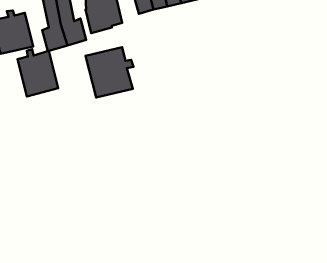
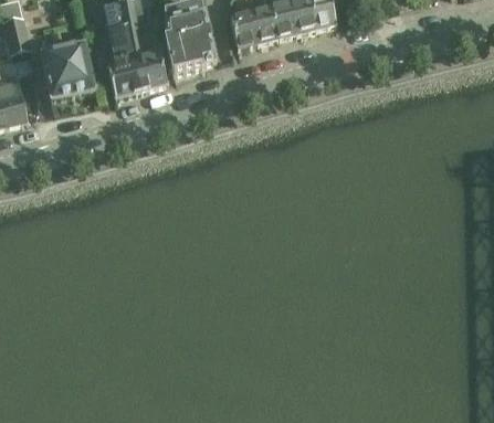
building: [85,47,133,98] -> none
building: [18,49,58,97] -> none

